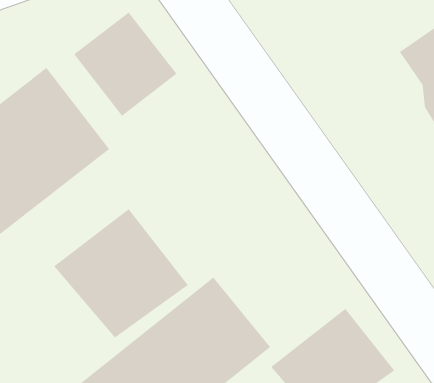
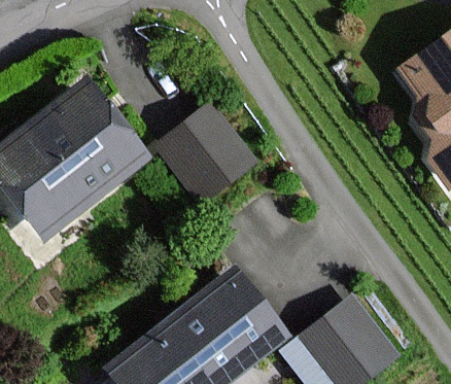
building: [73,11,177,117] -> [160,108,252,202]
building: [53,208,189,338] -> none

